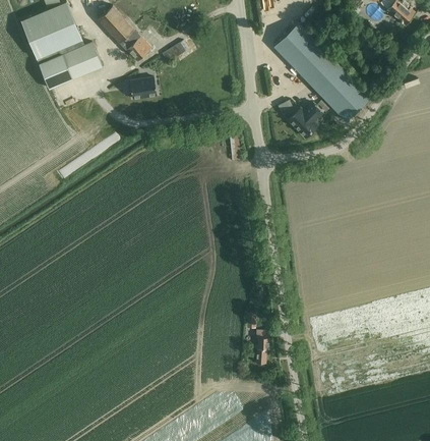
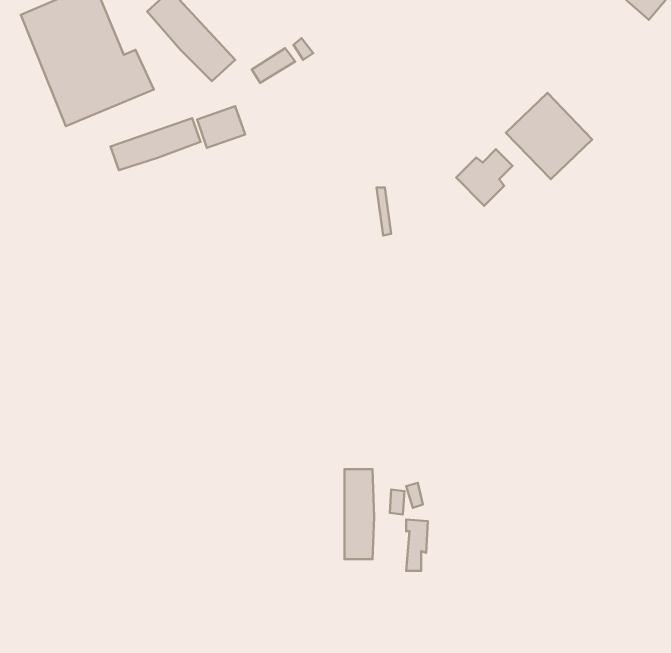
building: [273,22,344,94] -> none
building: none -> [111,118,200,170]
building: none -> [345,469,374,559]

